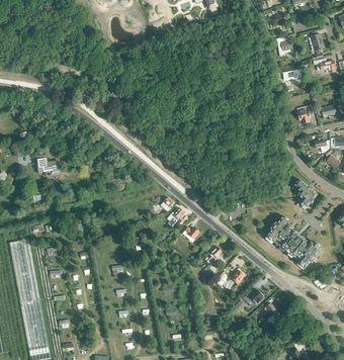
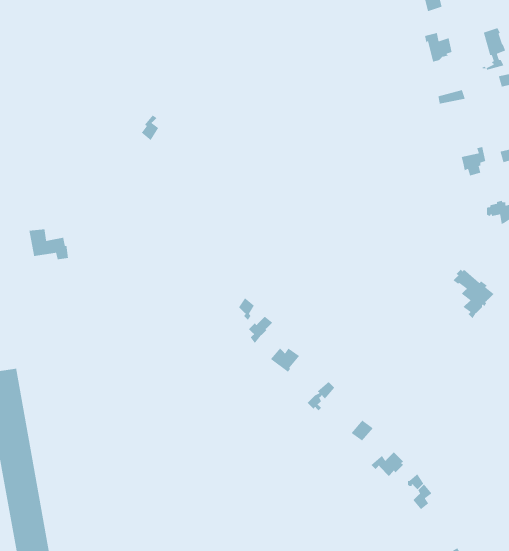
building: [266,215,322,268] -> none

